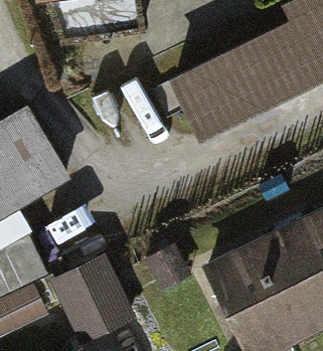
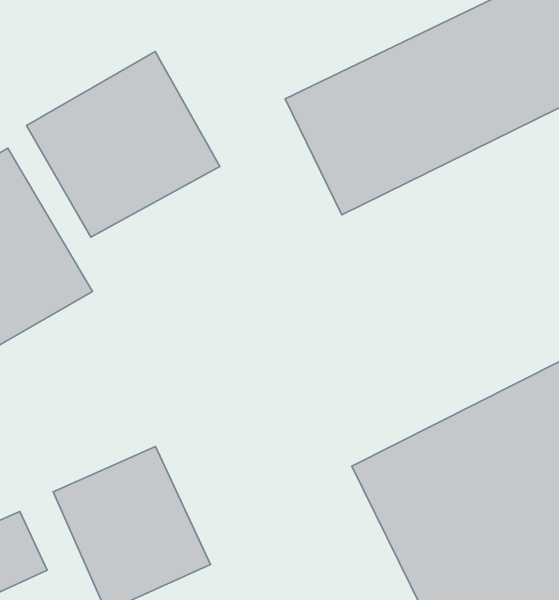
building: none -> [26,52,220,237]

